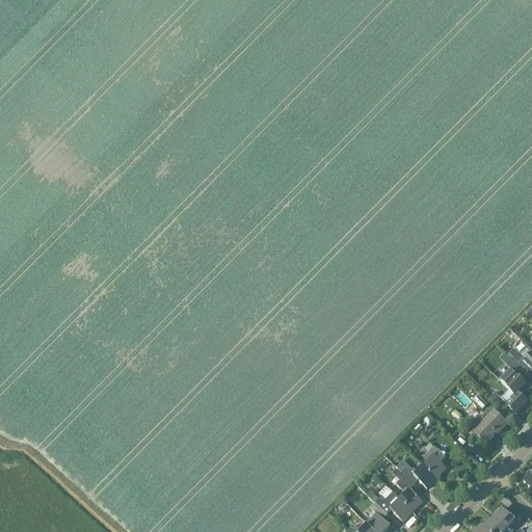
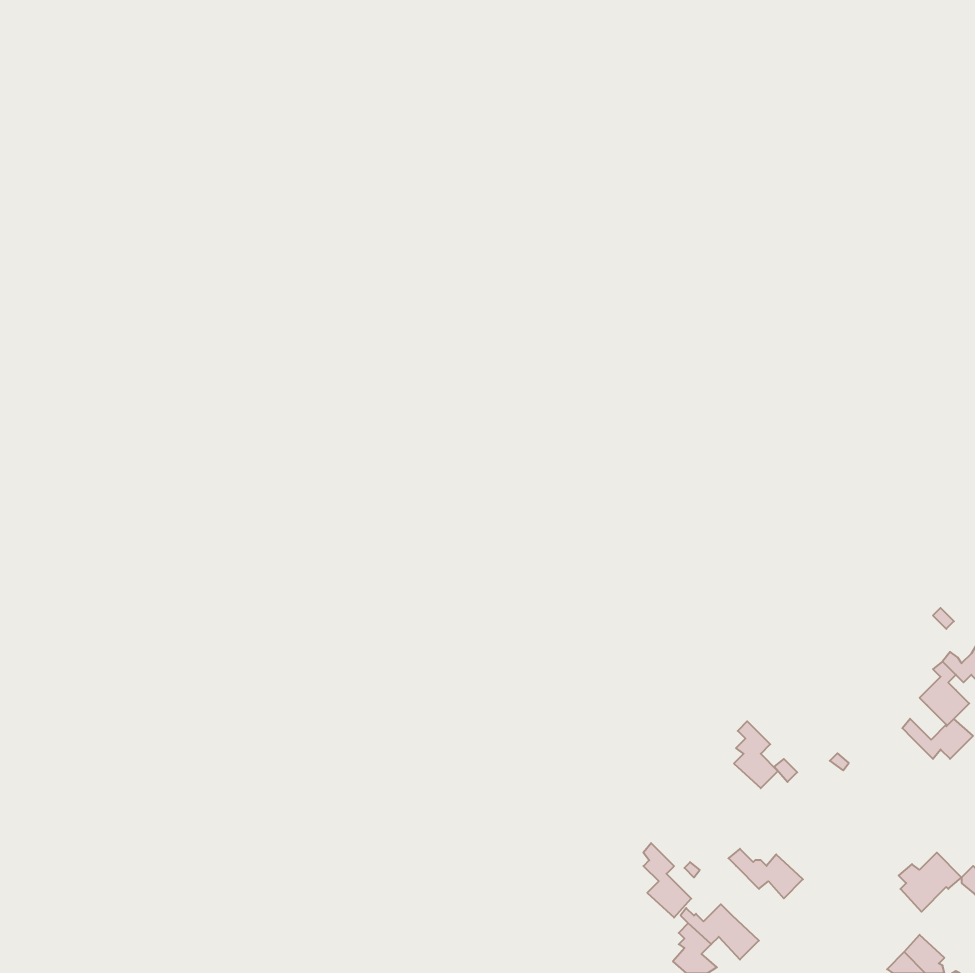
building: [474,409,508,442] -> [899,853,962,912]
building: [423,442,447,478] -> [734,721,778,788]
building: [397,471,423,511] -> [643,843,691,918]

